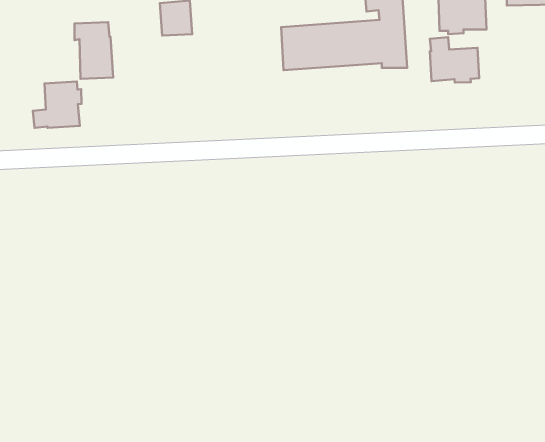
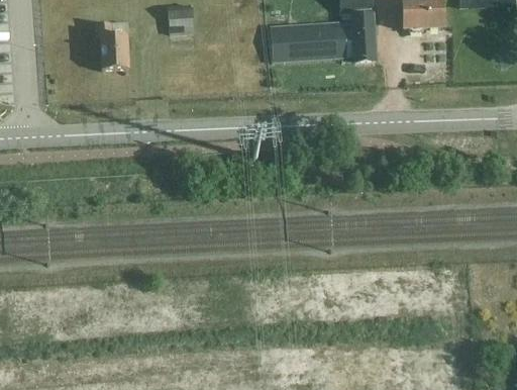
building: [430,37,479,83] -> none
building: [33,81,81,128] -> none

